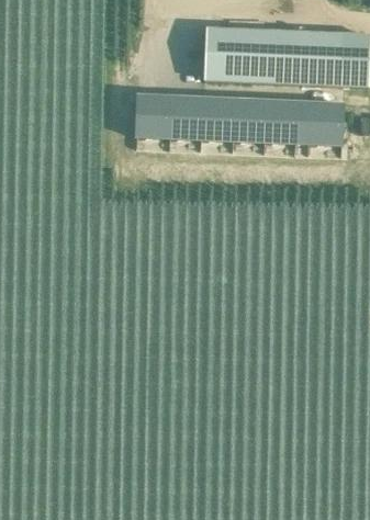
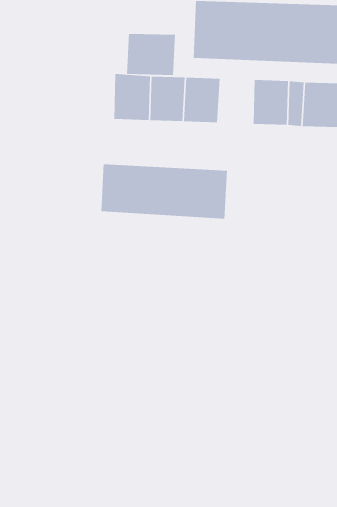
building: none -> [126,33,175,76]
building: [231,98,264,139] -> none
building: none -> [101,164,227,219]

